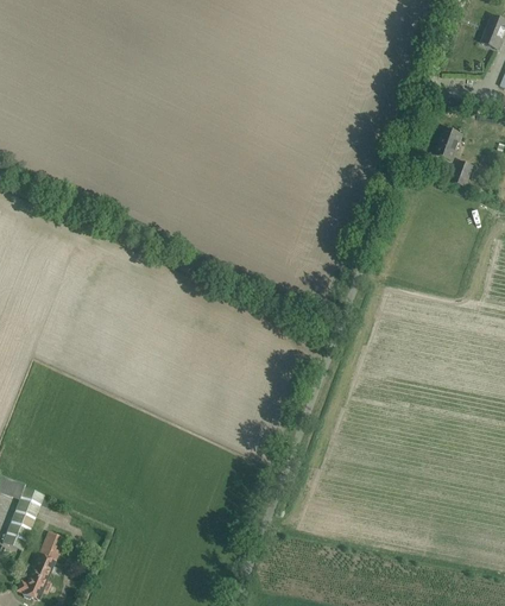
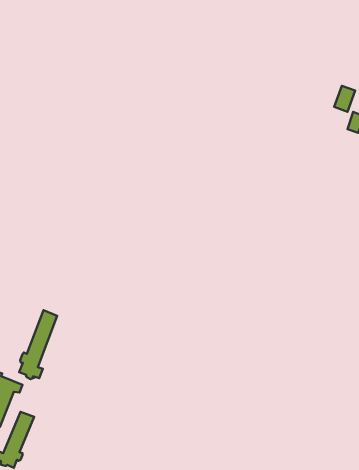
building: none -> [19,310,57,379]

